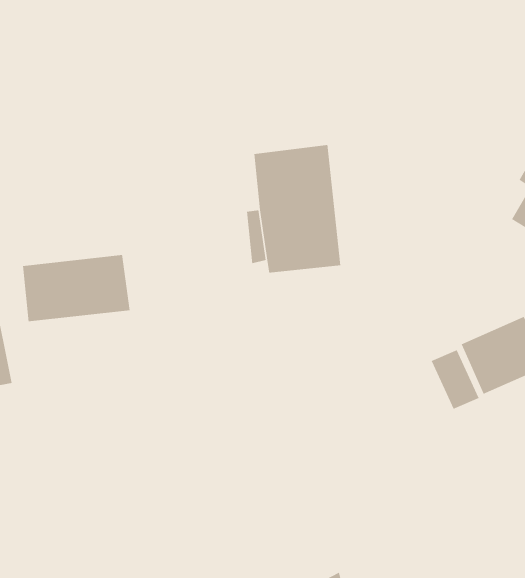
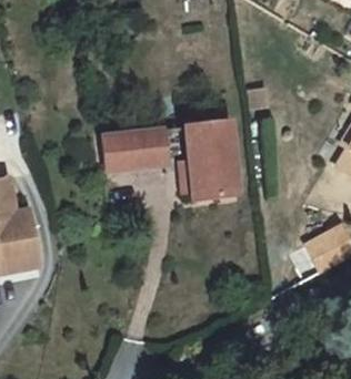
building: [22,255,130,322] -> [102,129,167,168]

